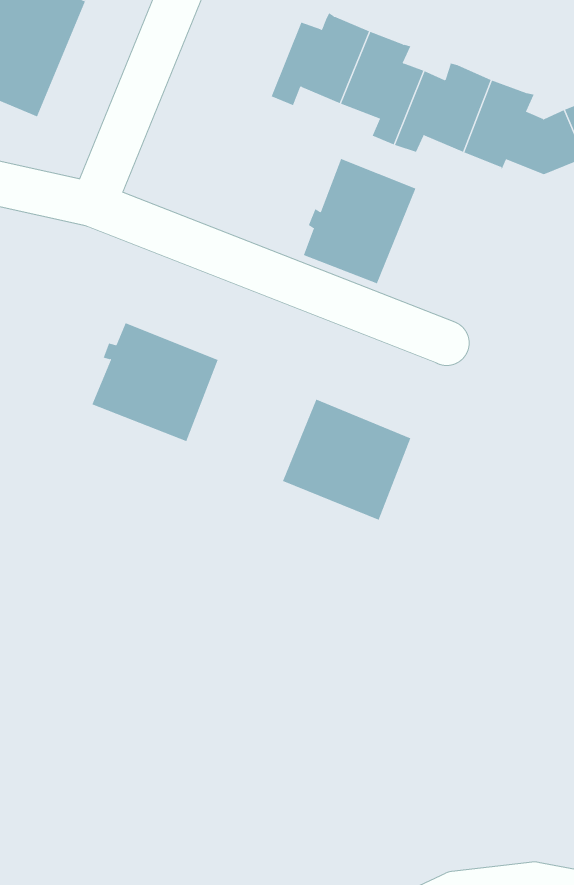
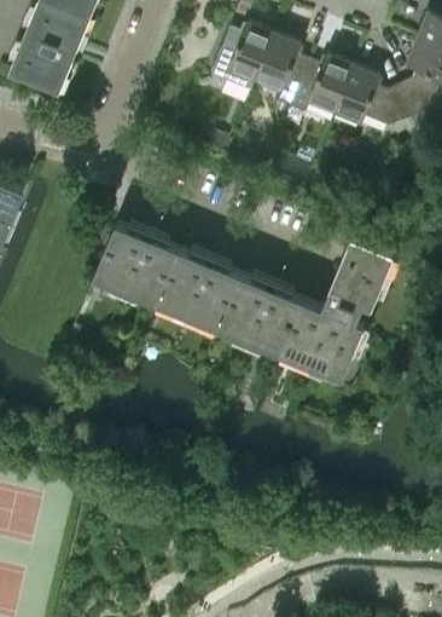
building: [303,158,416,284] -> none
building: none -> [281,235,395,376]
building: none -> [157,247,240,325]

